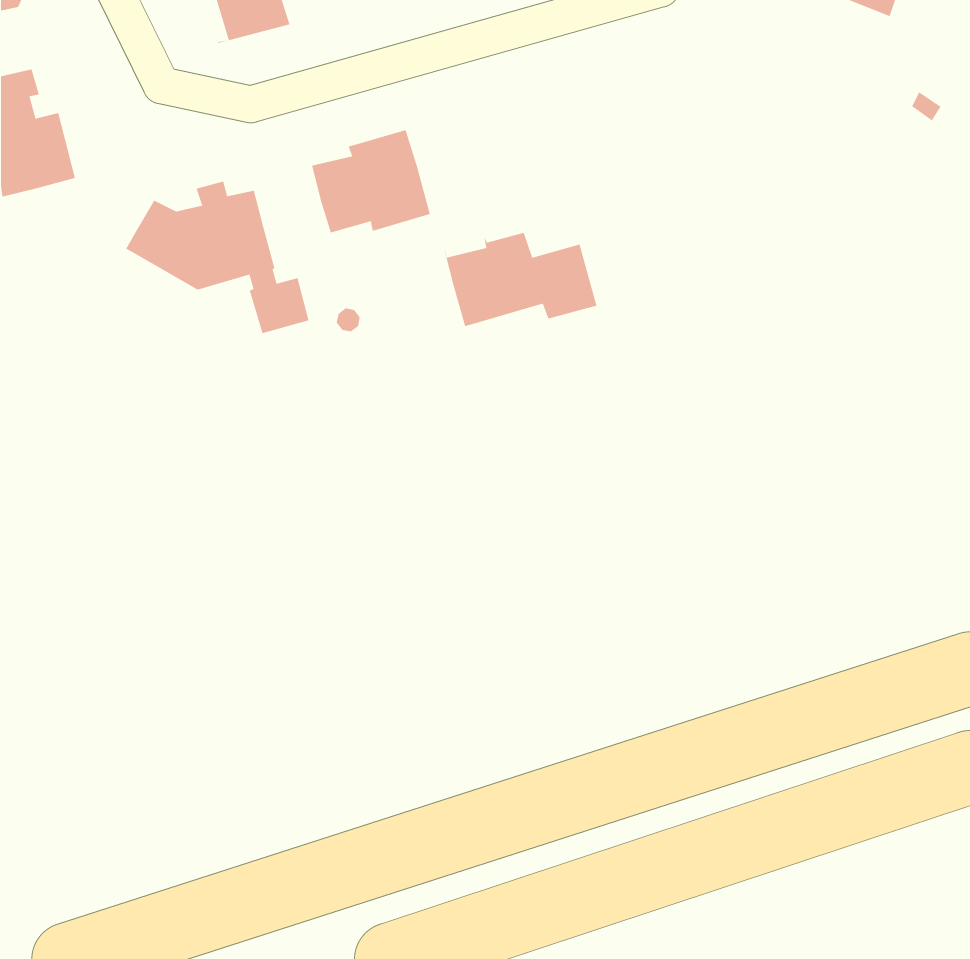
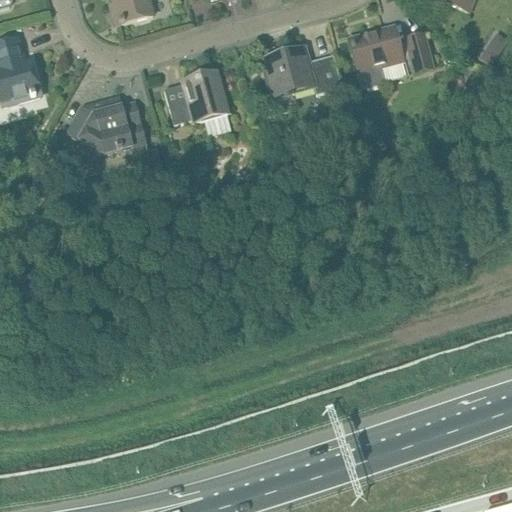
building: none -> [349,25,432,87]
building: [444,228,597,327] -> [261,44,342,96]

